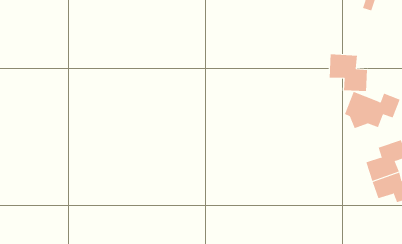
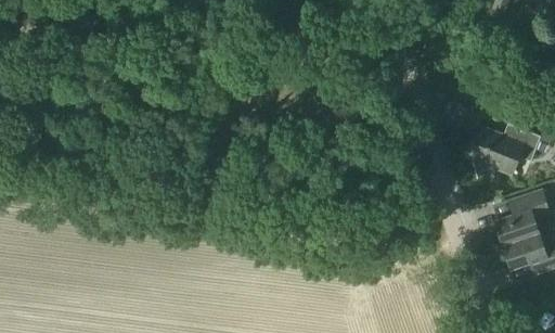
building: [329,53,367,92] -> none

